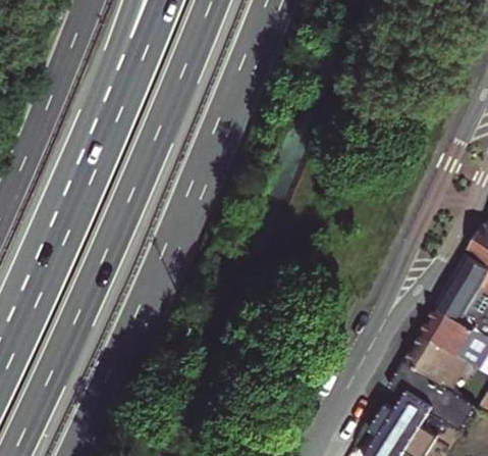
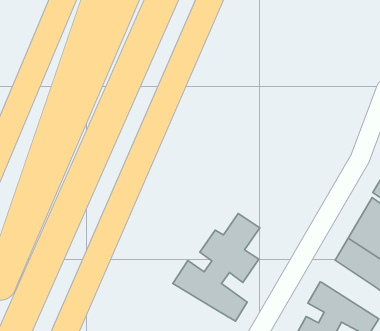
building: none -> [173,213,260,321]
building: [402,334,467,392] -> none

